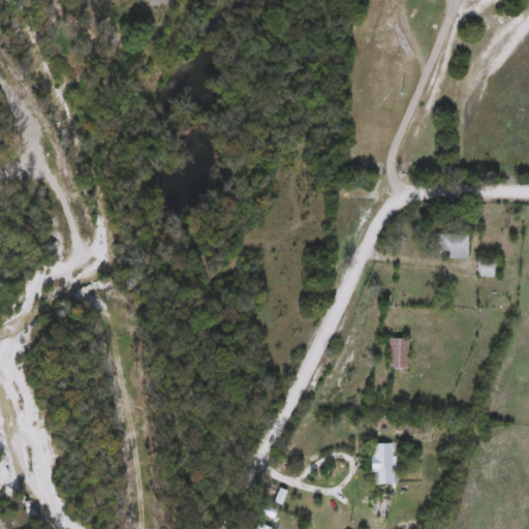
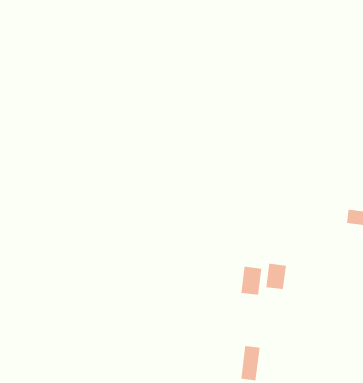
building: [441,232,471,257] -> none
building: none -> [241,266,262,296]

